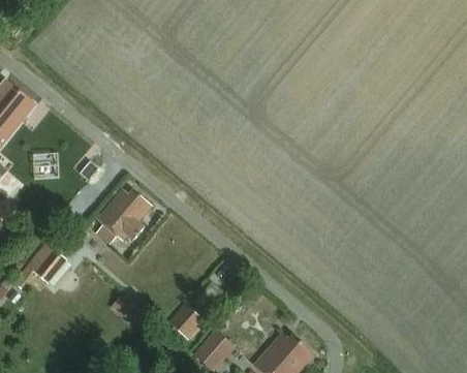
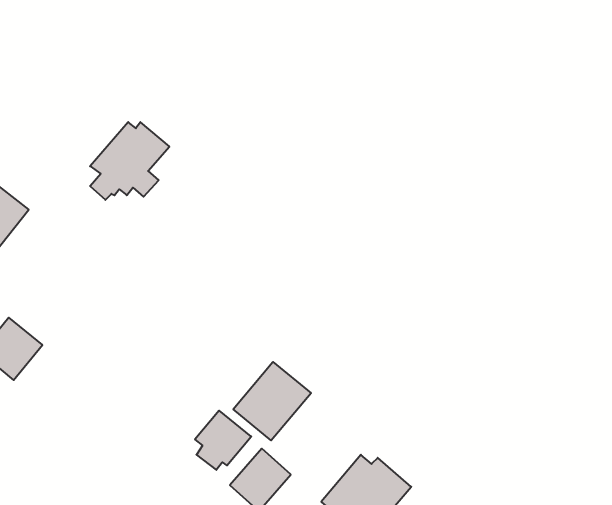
building: [96,190,150,243] -> [90,122,169,200]
building: none -> [233,362,311,440]

